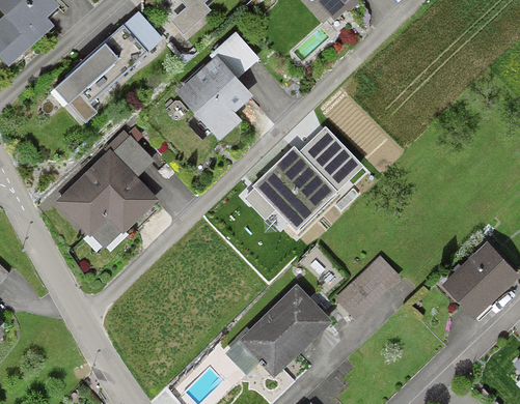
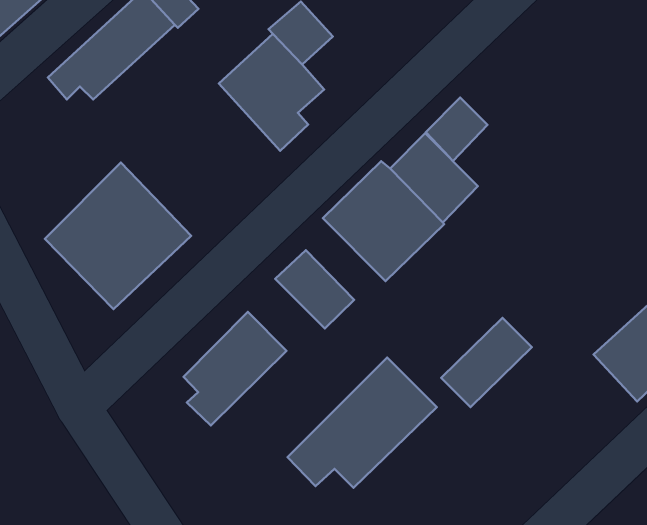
building: none -> [426,97,488,161]
building: [108,132,154,177] -> none
building: none -> [275,250,354,328]
building: none -> [184,312,286,426]

